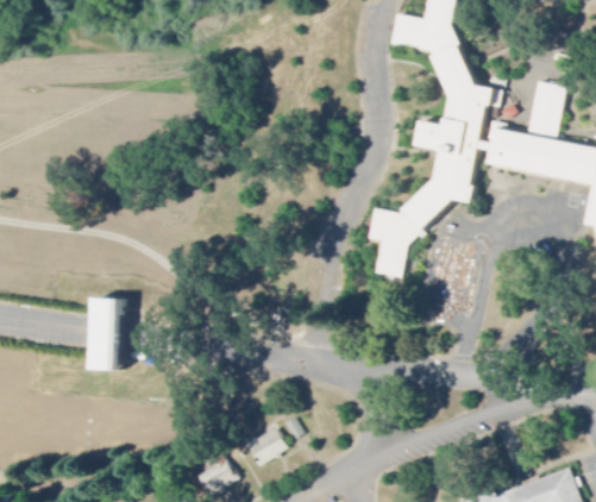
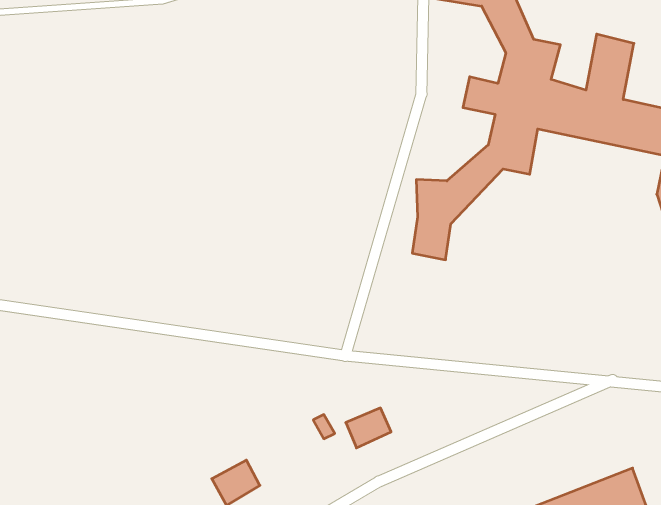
building: [83,296,121,369] -> none
building: [244,429,284,465] -> [346,408,391,448]

